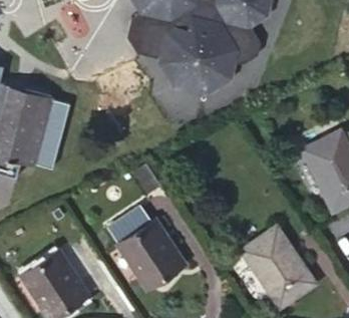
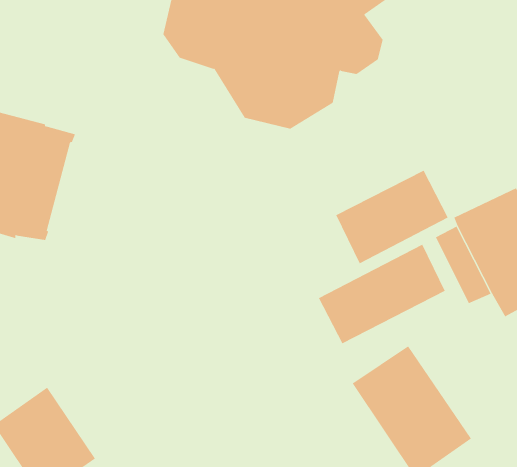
building: none -> [336,170,448,264]
building: none -> [318,244,445,344]
building: [109,206,182,288] -> none

